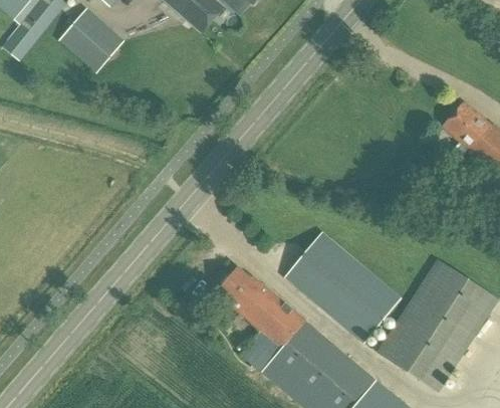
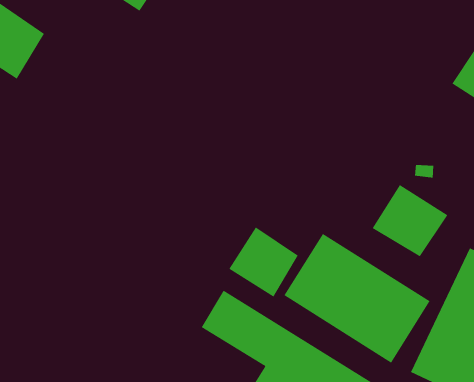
building: none -> [372,184,448,257]
building: none -> [228,226,299,297]

